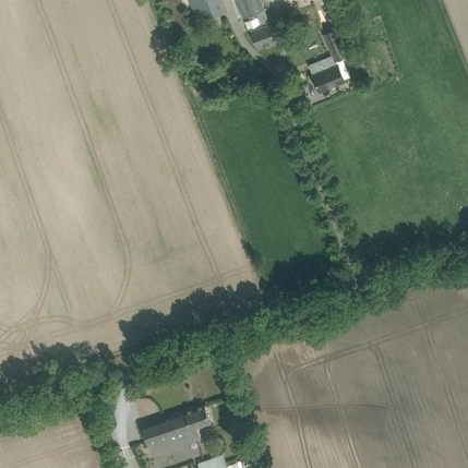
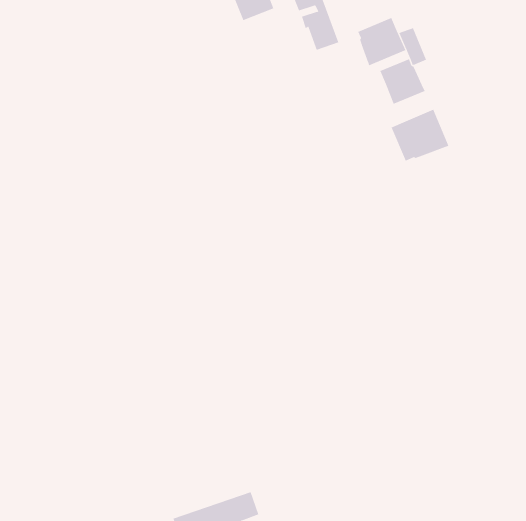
building: none -> [358,17,406,66]
building: none -> [391,109,449,161]

